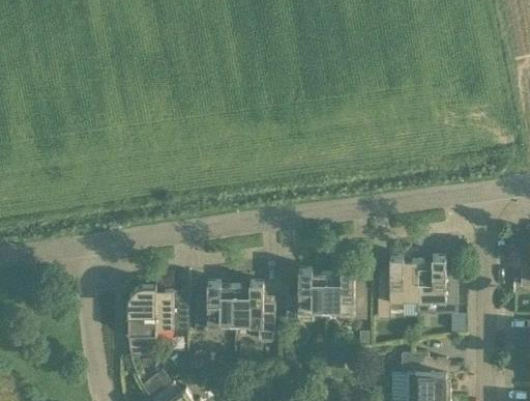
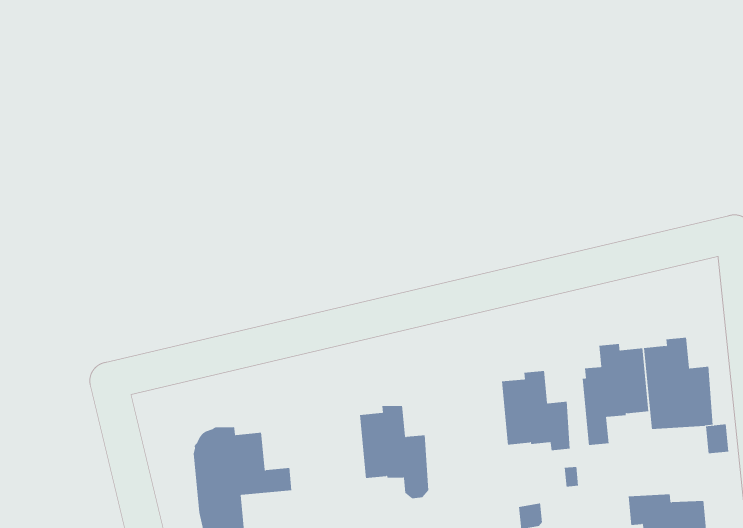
building: [286,269,326,319] -> none
building: [195,282,235,333] -> none

